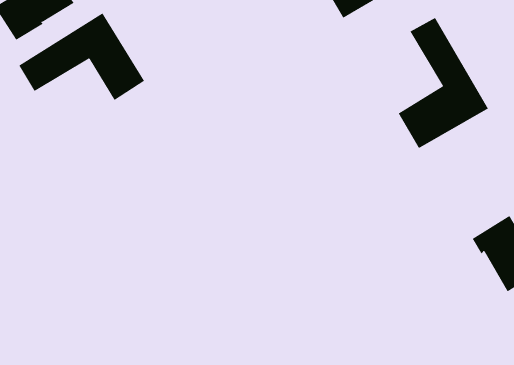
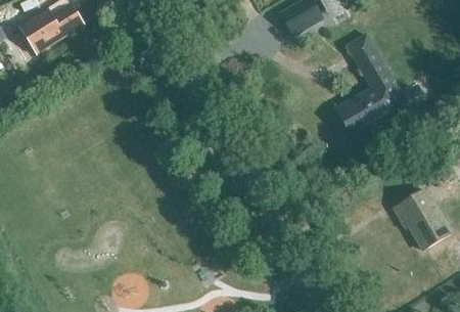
building: [18,13,145,101] -> none

